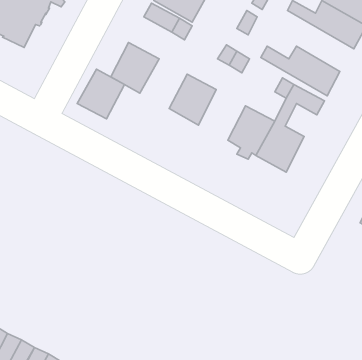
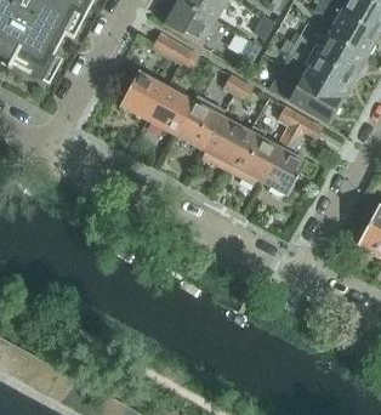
building: none -> [283,40,352,98]
building: [77,69,124,119] -> [148,86,193,133]
building: none -> [204,115,249,164]

